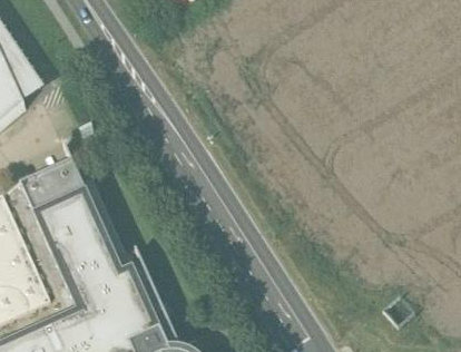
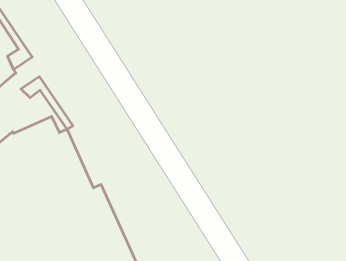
building: none -> [21,77,73,129]

